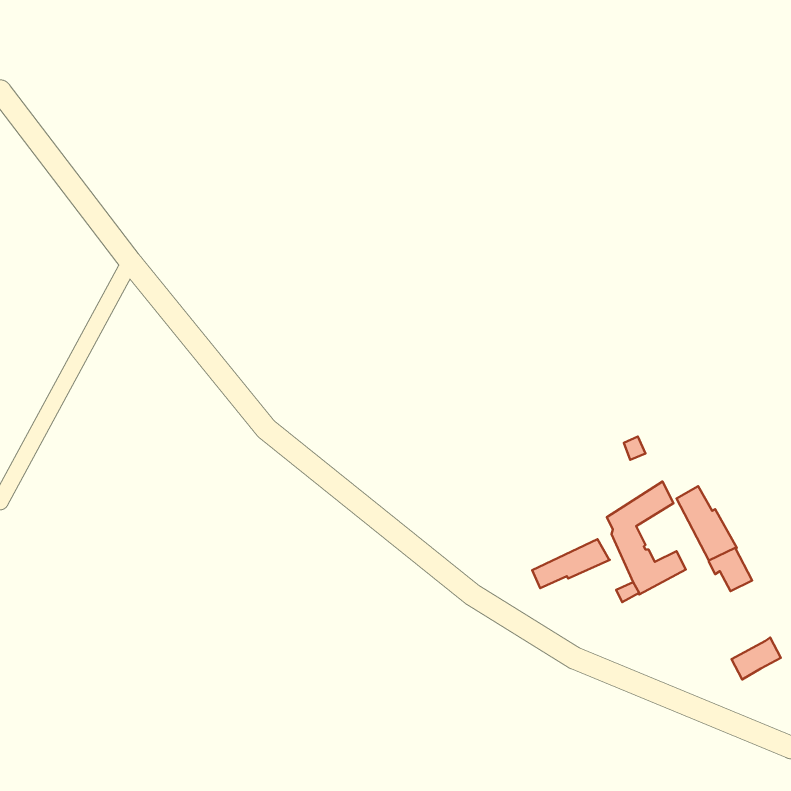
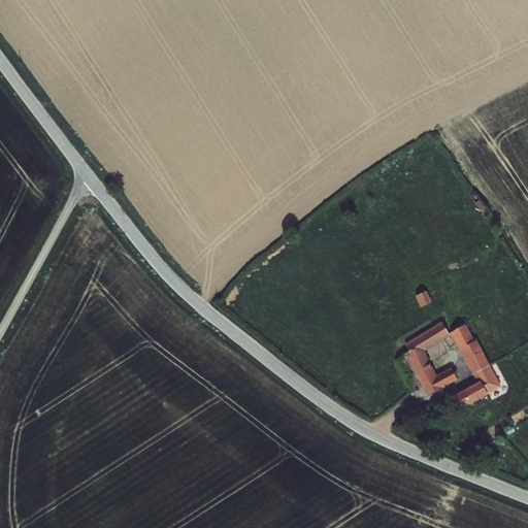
building: [532,539,610,588] -> none
building: [731,638,781,679] -> [454,381,487,408]

